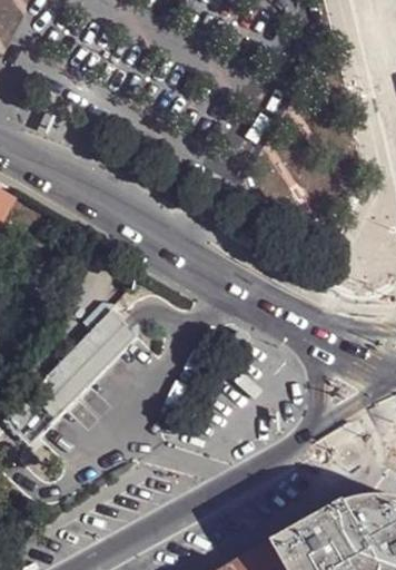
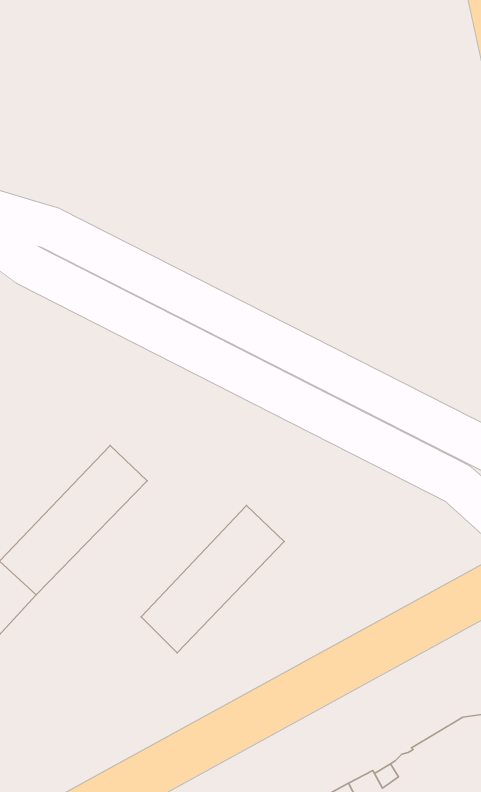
building: none -> [141,505,284,653]

